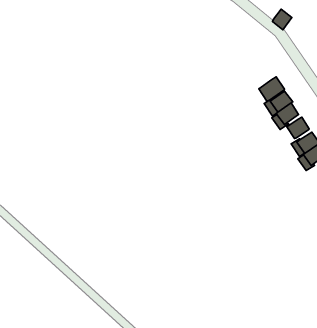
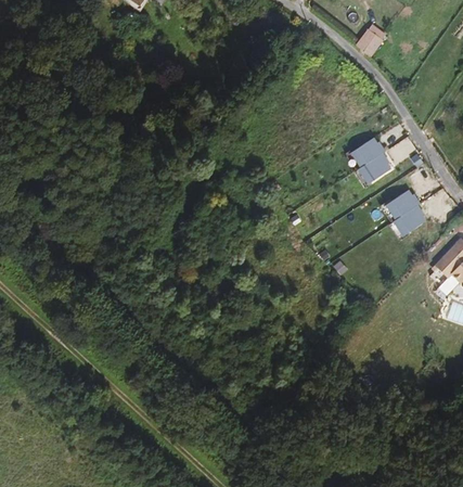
building: [259,77,284,101] -> none
building: [287,117,309,139] -> none

